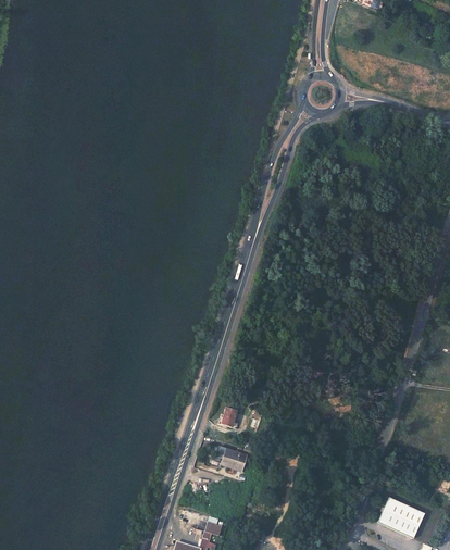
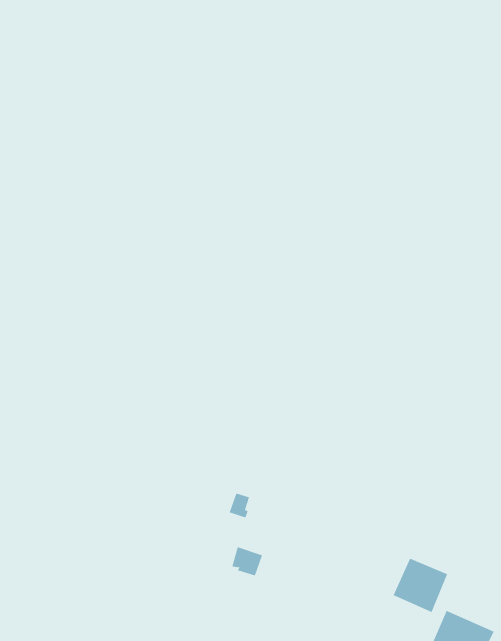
building: none -> [393,558,448,613]

